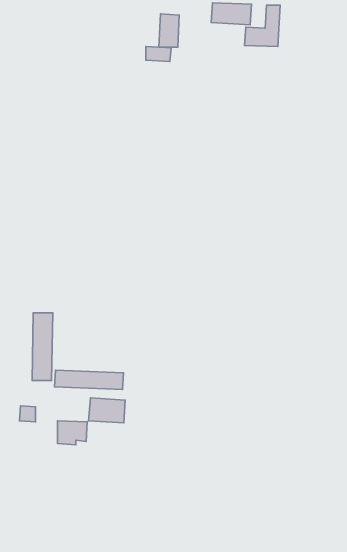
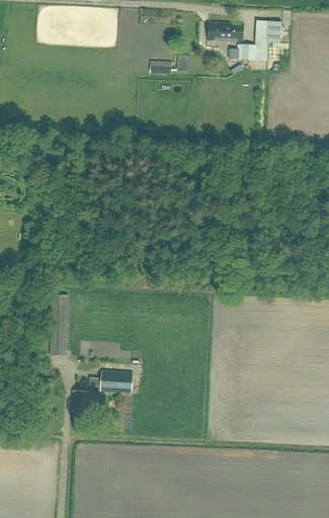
building: [159,14,179,47] -> none
building: [54,370,123,390] -> none

